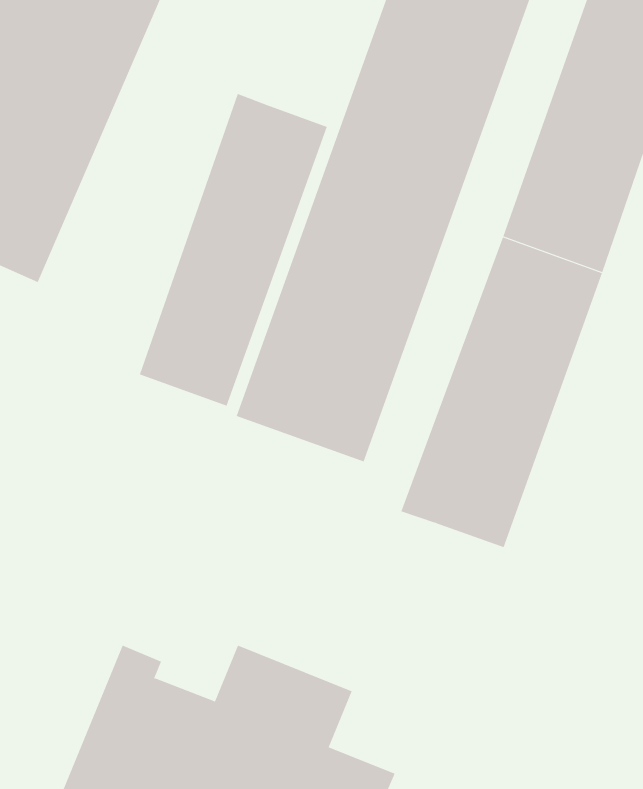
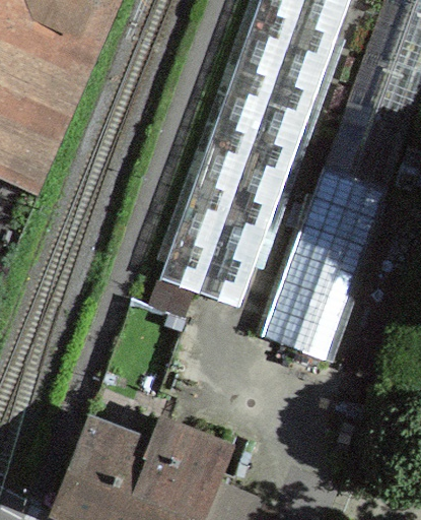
building: [139,93,327,406] -> none

